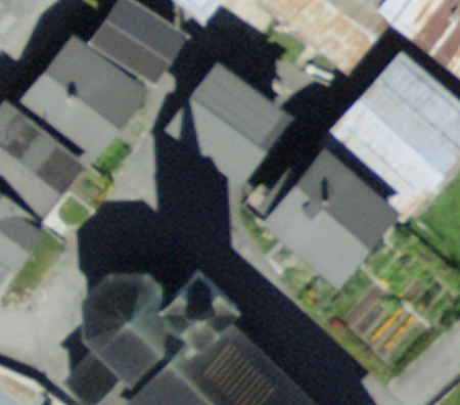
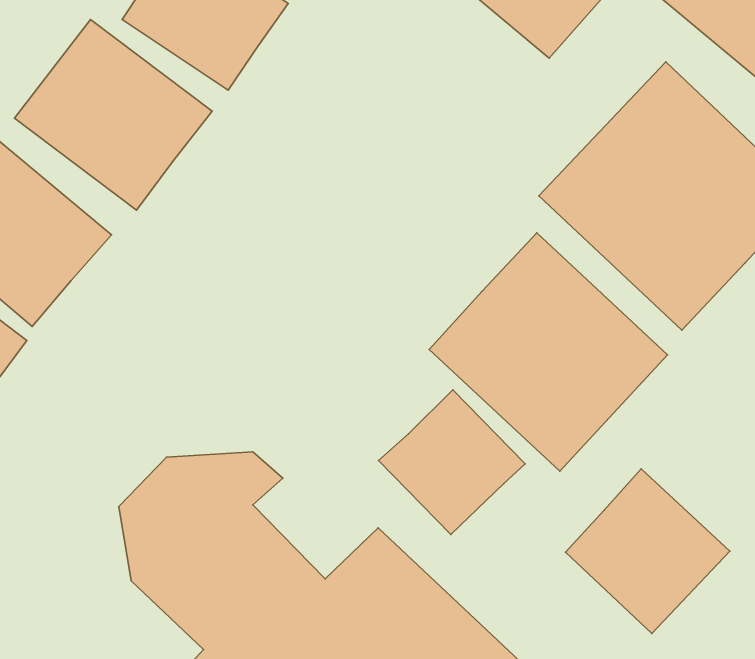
building: [172,71,291,191] -> none
building: [166,273,250,357] -> [379,390,525,535]
building: none -> [565,469,730,634]

